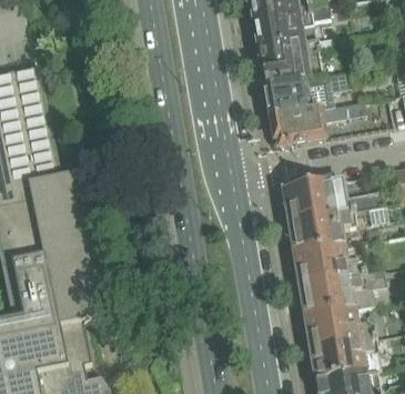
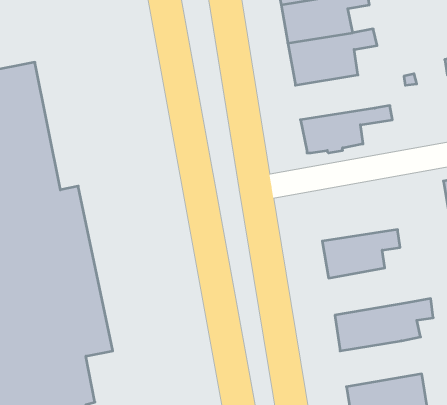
building: [265,73,344,117] -> none
building: [284,180,384,222] -> none
building: [294,245,364,286] -> none
building: [304,309,376,348] -> none

